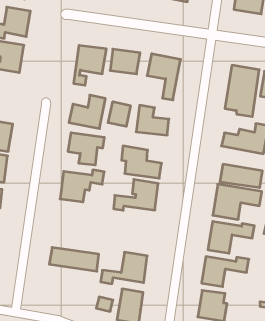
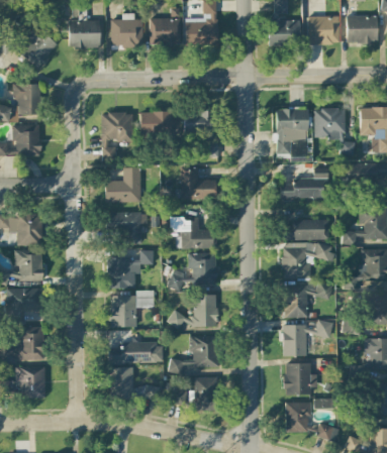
building: [108,102,130,126] -> none
building: none -> [110,291,155,328]
building: none -> [171,295,217,326]
building: none -> [111,367,160,400]

